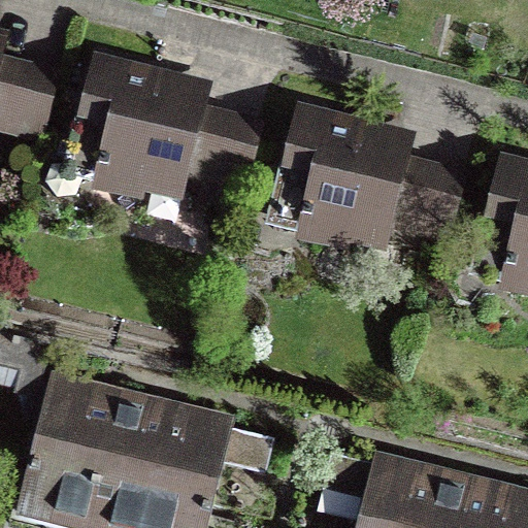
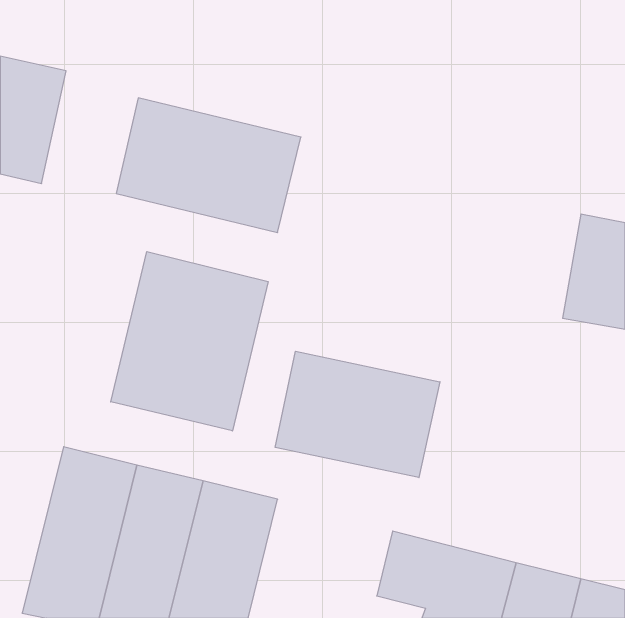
building: [292,128,452,250] -> none
building: none -> [111,252,268,431]
building: none -> [275,351,440,478]

